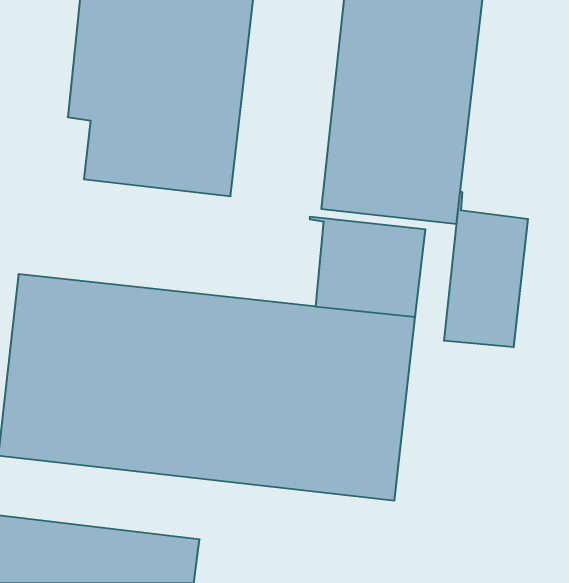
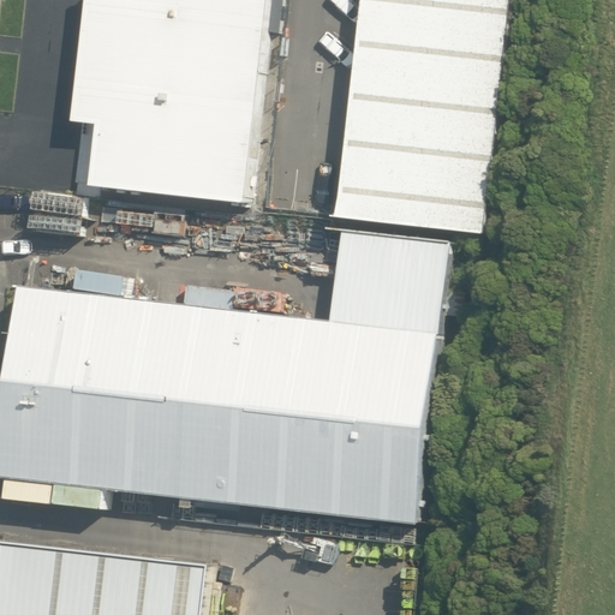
building: [444,192,528,347] -> none

